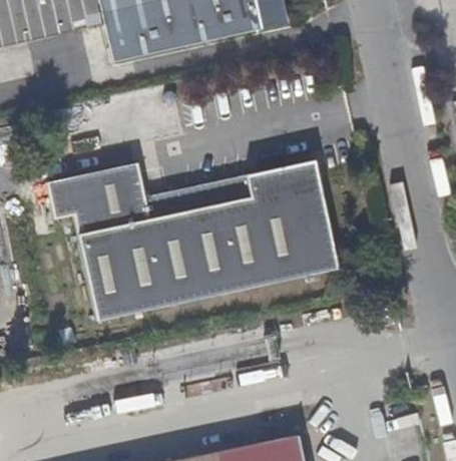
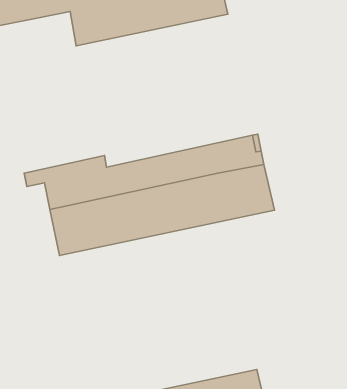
building: [48,166,143,206] -> none
building: [92,249,341,322] -> none

